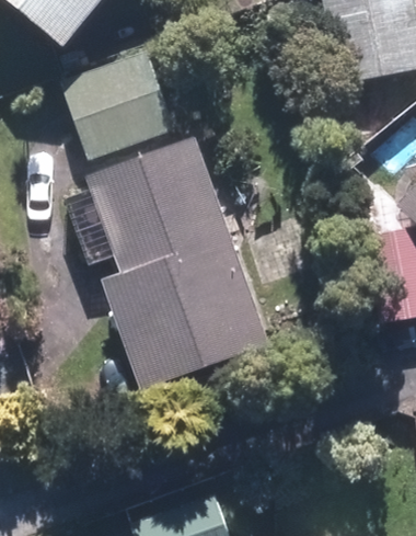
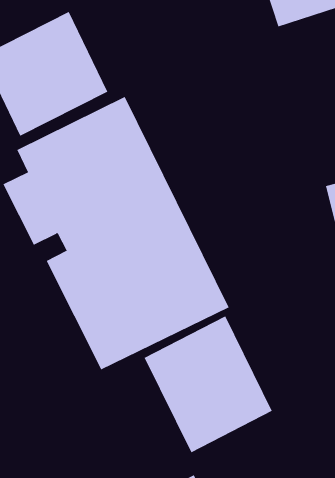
building: none -> [144,316,273,453]

